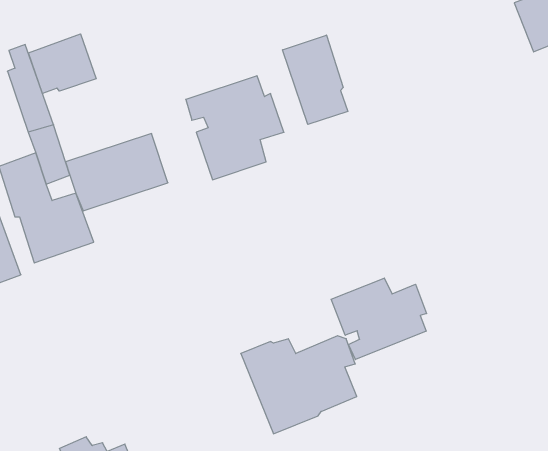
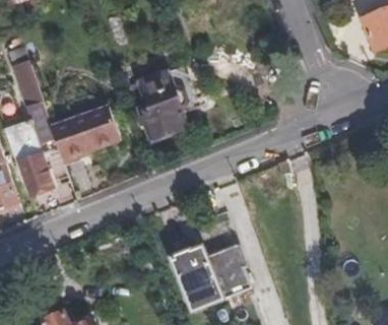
building: [28,34,96,94] -> none
building: [283,35,348,124] -> none
building: [331,278,427,360] -> none

